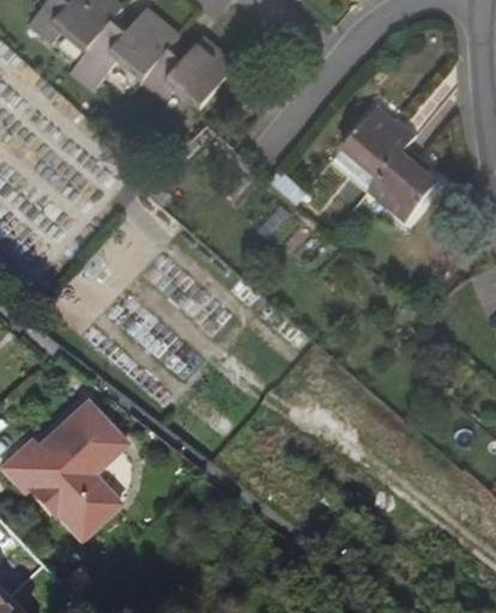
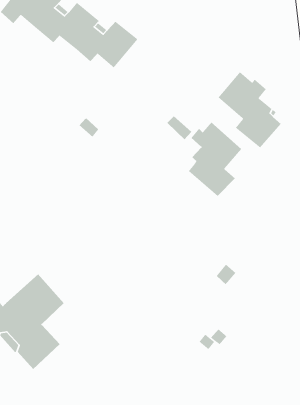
building: none -> [188,122,242,197]

